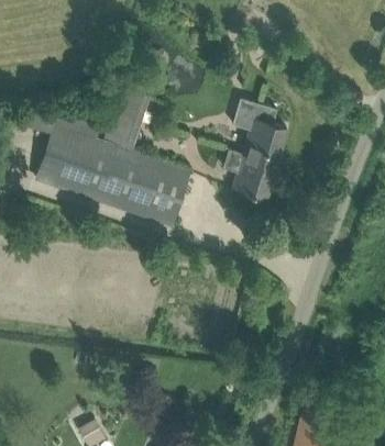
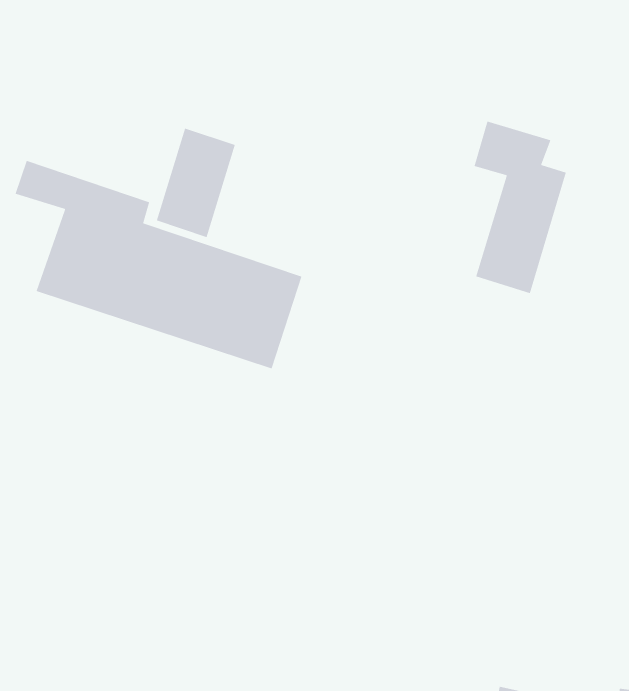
building: [232,98,286,198] -> [473,121,567,294]

